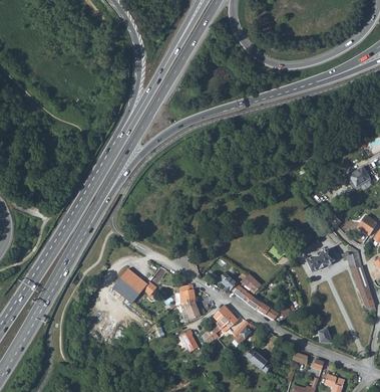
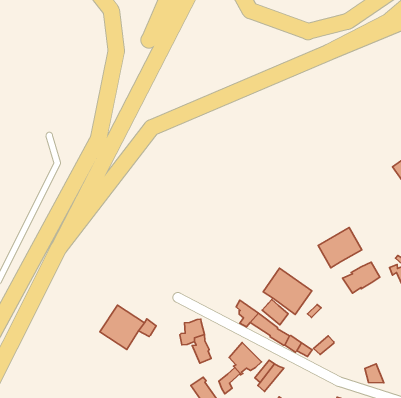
building: none -> [318,228,362,268]
building: none -> [263,268,312,314]

